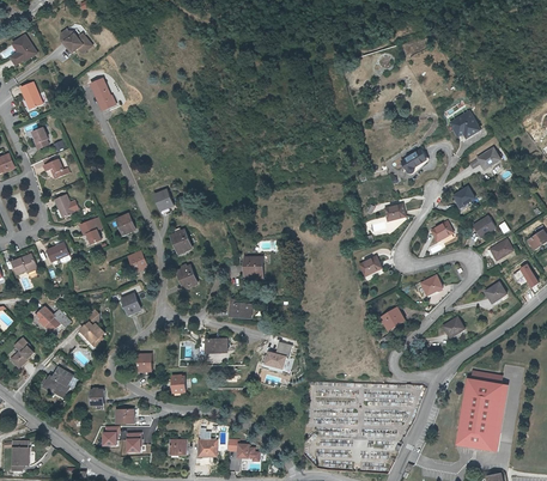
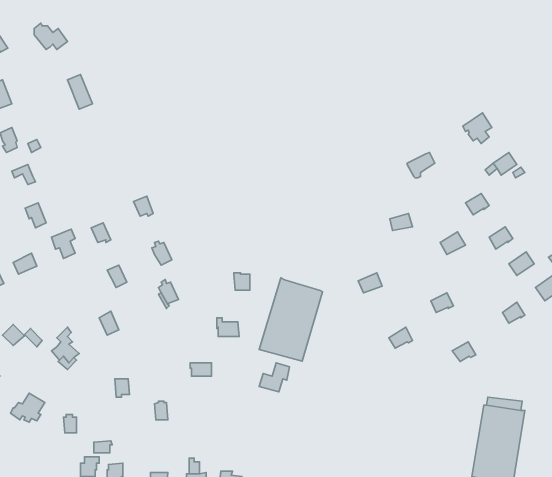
building: none -> [259,278,323,361]

